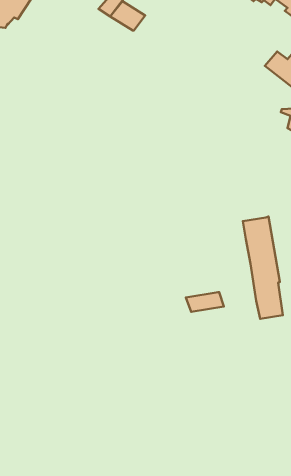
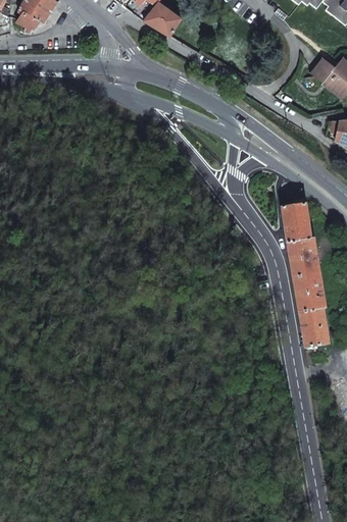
building: none -> [281,201,310,240]
building: [186,292,224,312] -> none

